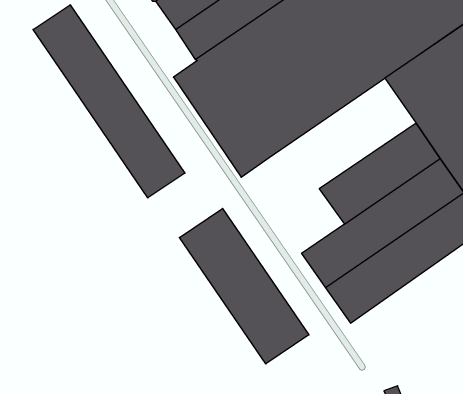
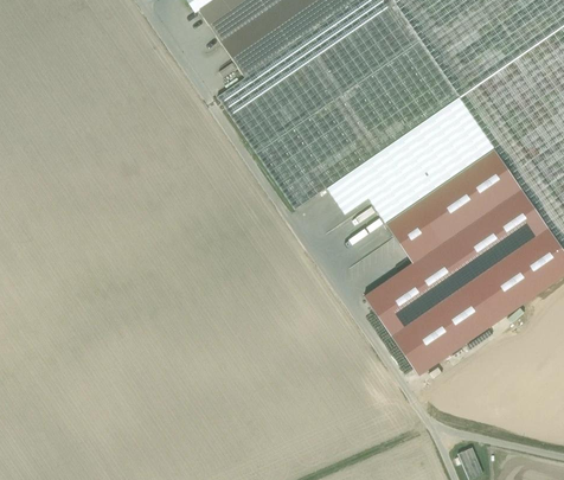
building: [33,5,185,198] -> none
building: none -> [328,96,495,222]
building: [179,208,309,364] -> none

